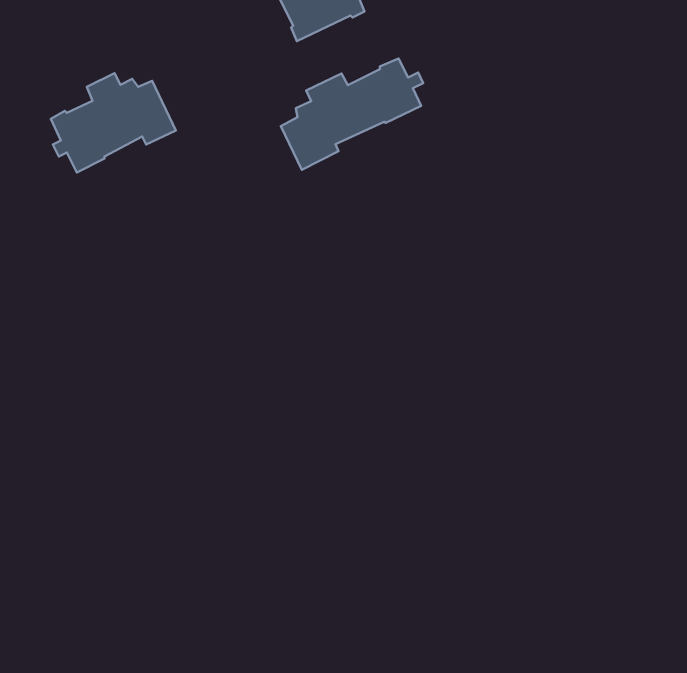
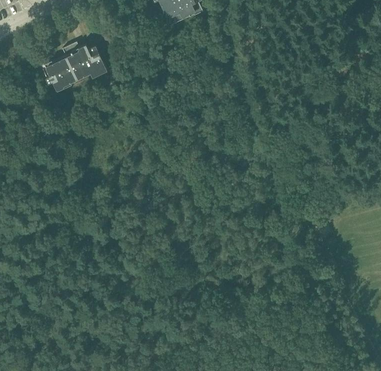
building: [281,59,423,170] -> none

